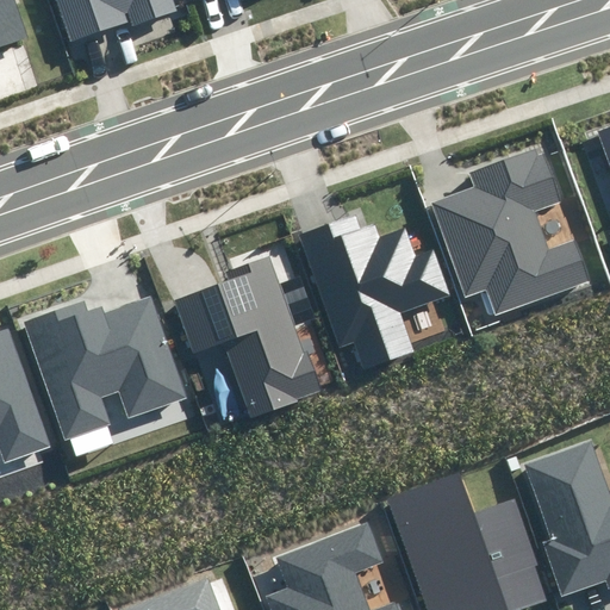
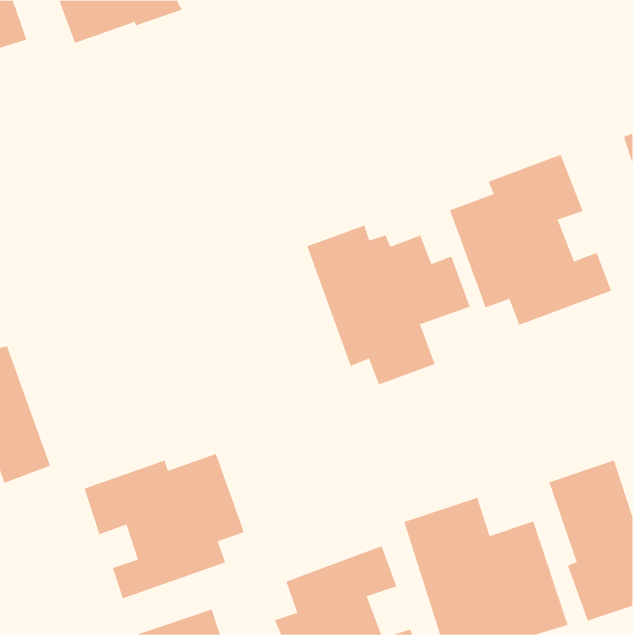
building: [172,256,319,416] -> none
building: [24,298,185,442] -> none
building: none -> [84,453,245,599]

